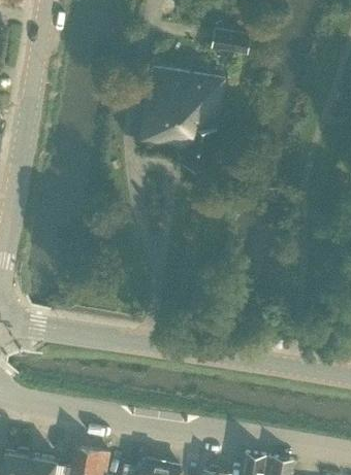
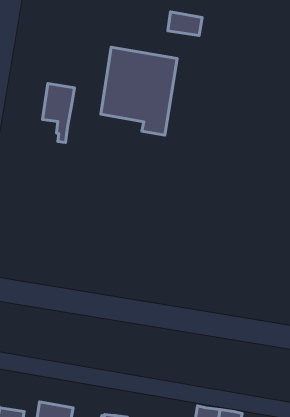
building: none -> [42,83,75,143]

